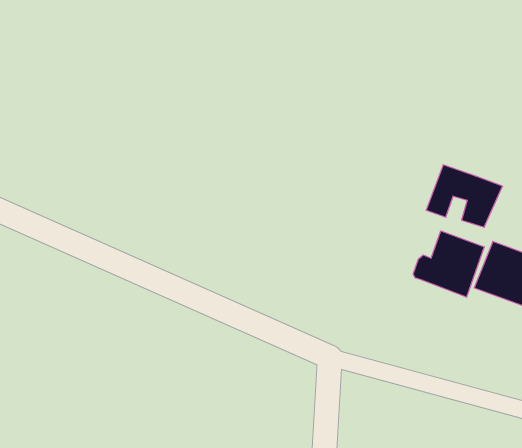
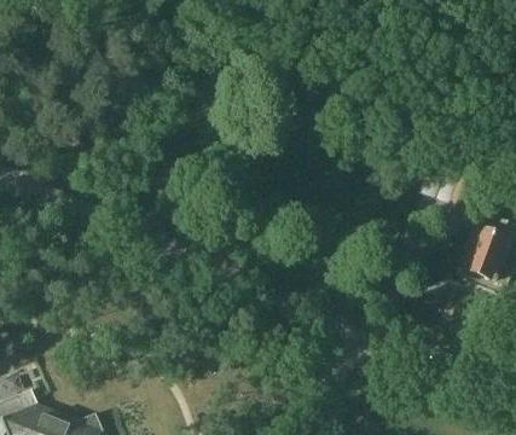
building: [413,231,484,297] -> none

